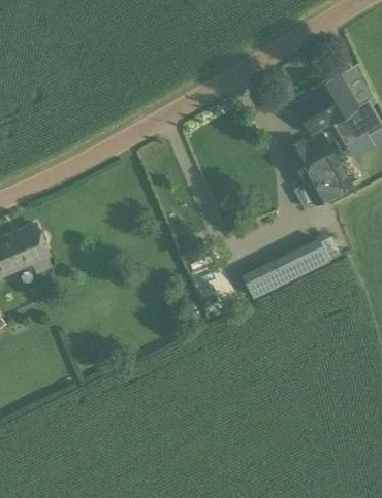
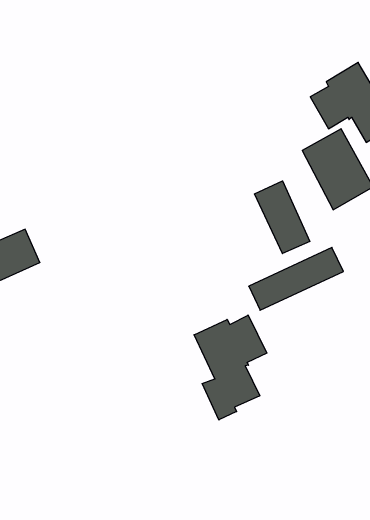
building: none -> [255,181,310,254]
building: none -> [194,315,267,420]

